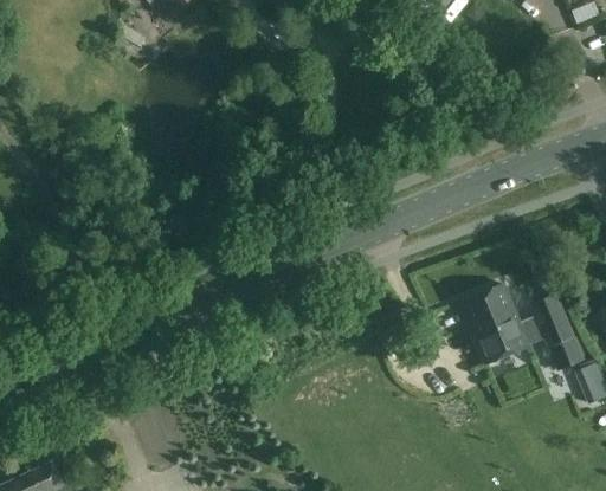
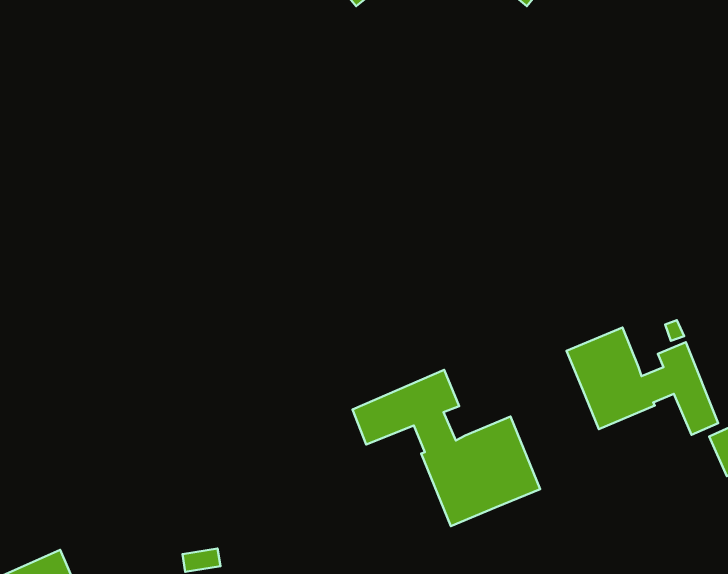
building: none -> [353,370,540,526]

